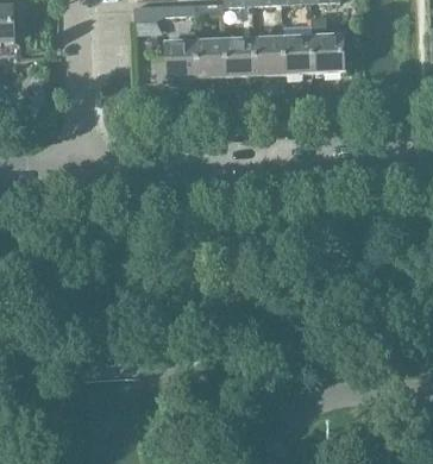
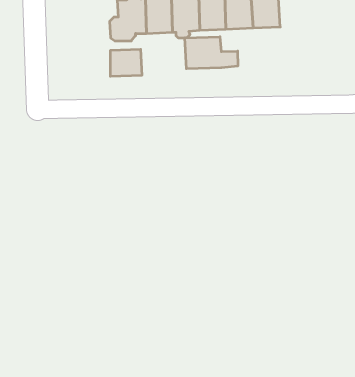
building: none -> [185,37,238,69]
building: none -> [110,49,142,76]

